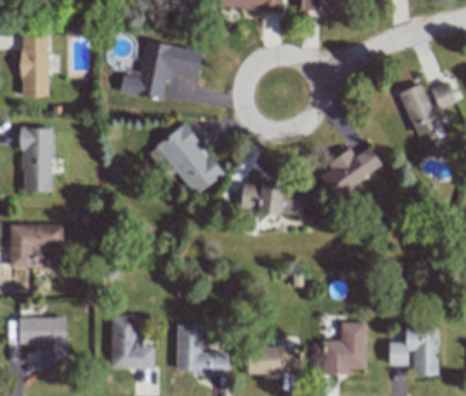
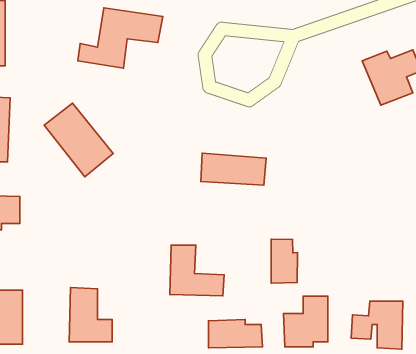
building: [156,124,224,196] -> [44,103,113,177]
building: [321,147,384,197] -> none
building: none -> [271,239,298,283]
building: [177,325,230,374] -> [170,245,224,296]

